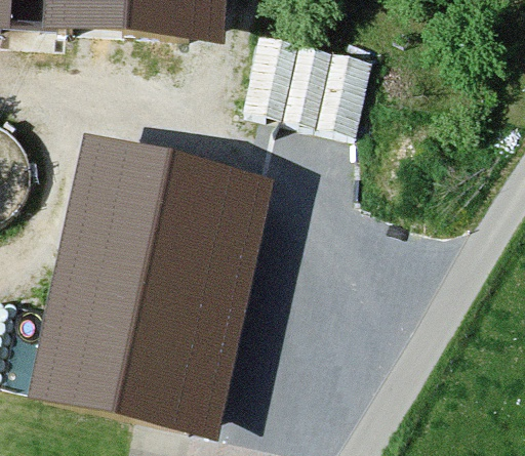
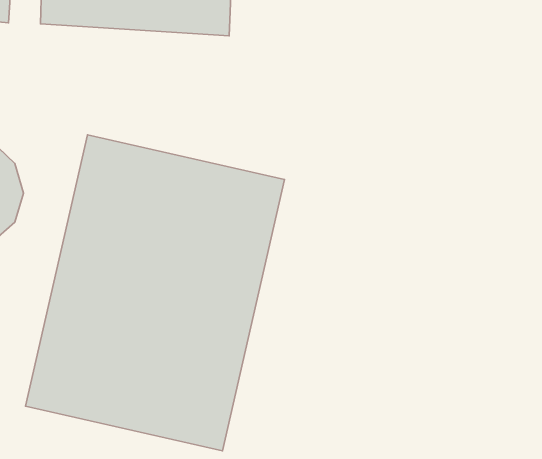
building: [242,27,377,137] -> none

